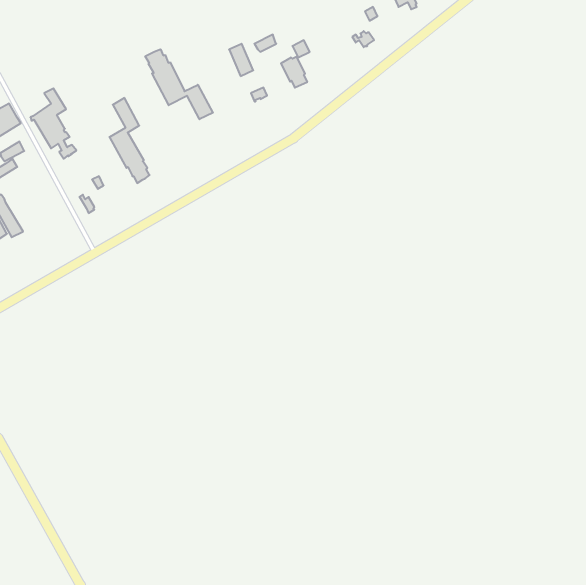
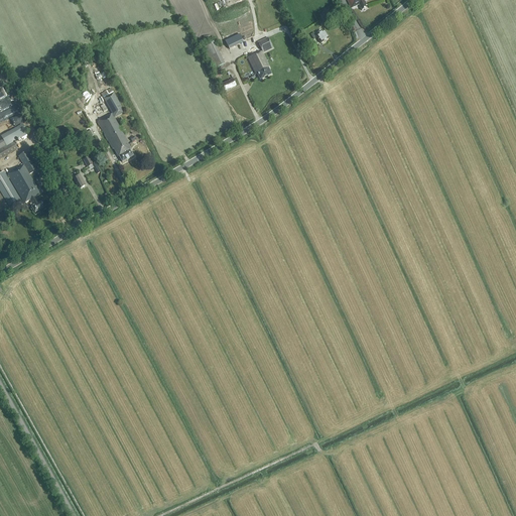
building: [145,49,213,119] -> none
building: [30,88,76,159] -> [4,149,44,211]

